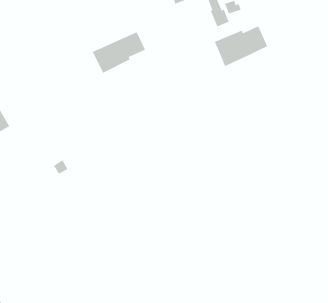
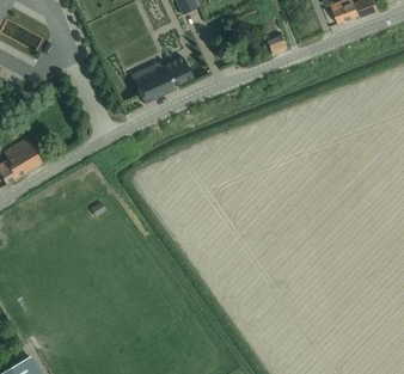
building: [214,25,268,67] -> none

